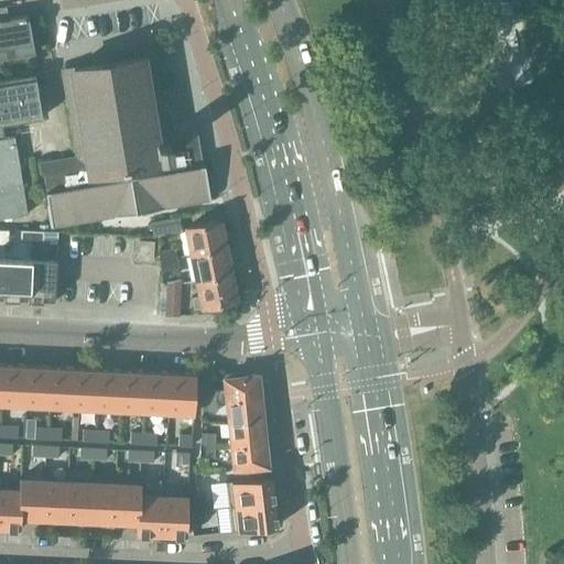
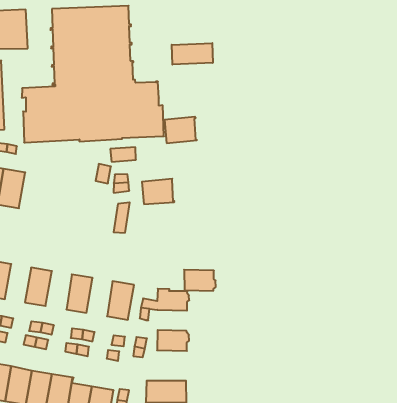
building: none -> [172,43,213,65]
building: [185,221,225,256] -> [165,117,197,143]
building: [191,274,236,310] -> none
building: [51,368,76,410] -> none
building: [98,370,123,412] -> none
building: [145,372,171,414] -> none
building: [226,397,264,423] -> [184,270,216,291]
building: [231,443,270,469] -> none

